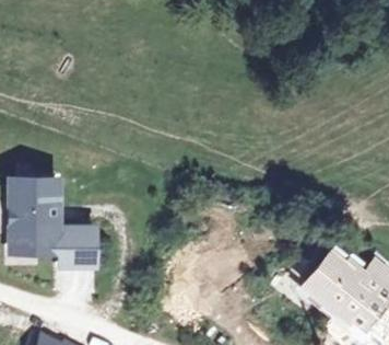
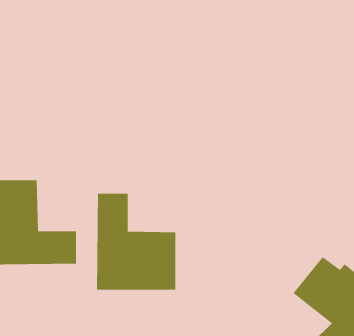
building: none -> [96,193,176,291]

